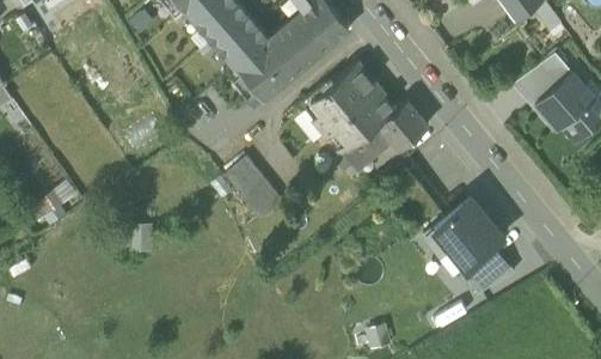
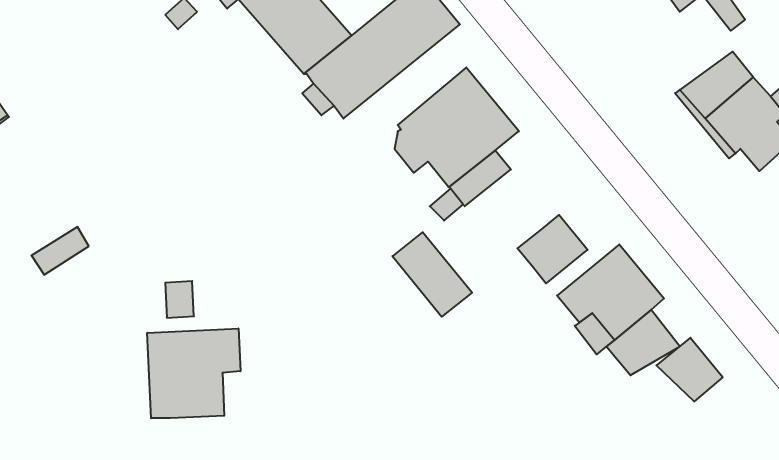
building: [378,99,430,151] -> [517,215,588,283]
building: [225,156,284,219] -> [392,232,472,317]
building: none -> [147,328,240,418]
building: none -> [656,338,723,402]

